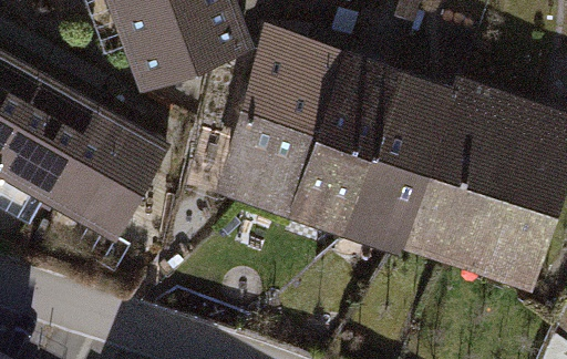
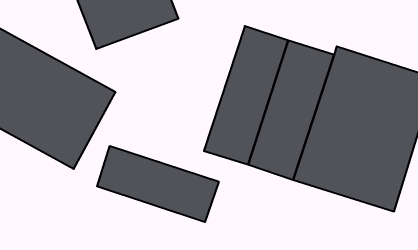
building: [206,24,338,213] -> none
building: none -> [97,146,219,222]

